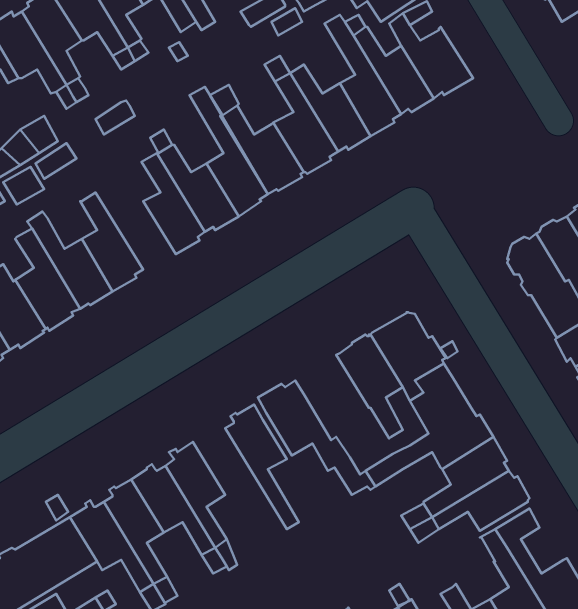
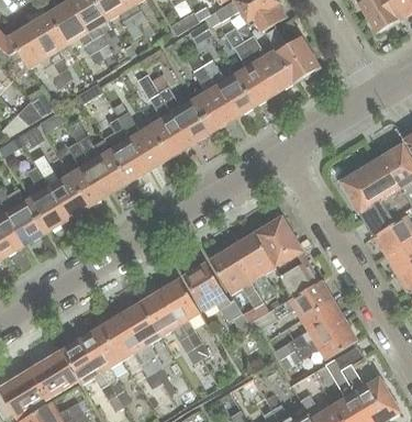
building: none -> [70,123,129,191]
building: none -> [209,246,263,308]
building: none -> [140,292,200,364]

